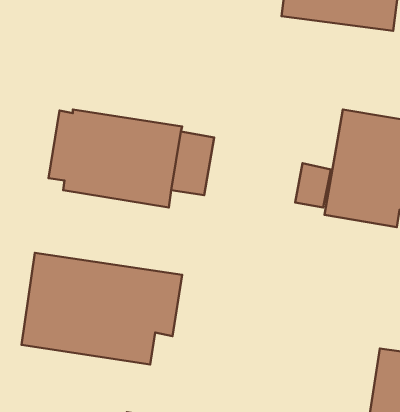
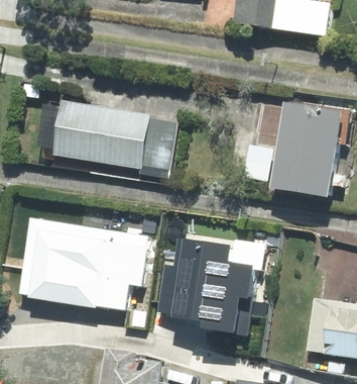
building: none -> [157,236,266,333]

